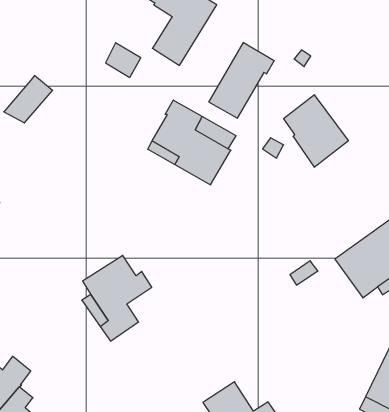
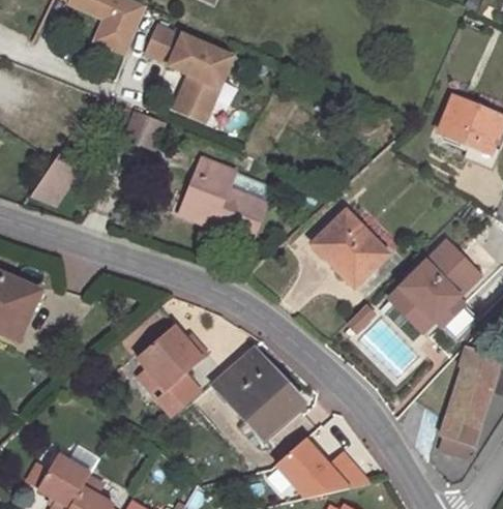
building: [209,42,274,118] -> none
building: [284,95,348,167] -> [317,210,386,283]
building: none -> [210,343,305,438]

